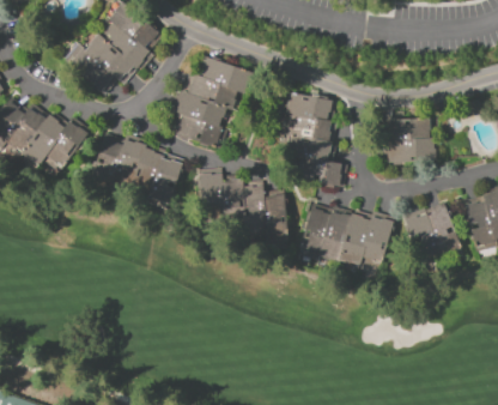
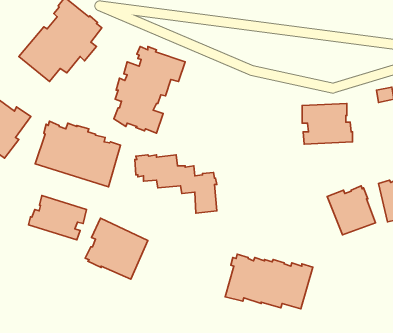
building: [285,90,347,183] -> none
building: [298,205,394,265] -> [225,254,313,309]
building: none -> [29,195,87,240]
building: none -> [85,218,148,279]

